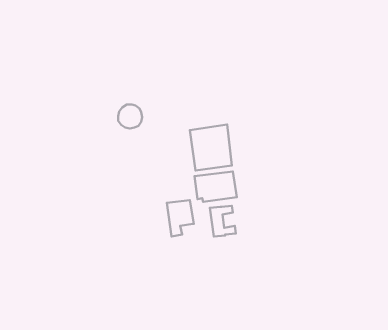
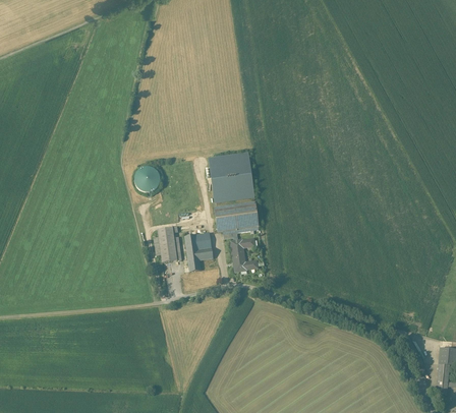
building: [118,105,142,129] -> [134,167,160,192]
building: none -> [157,226,181,262]

